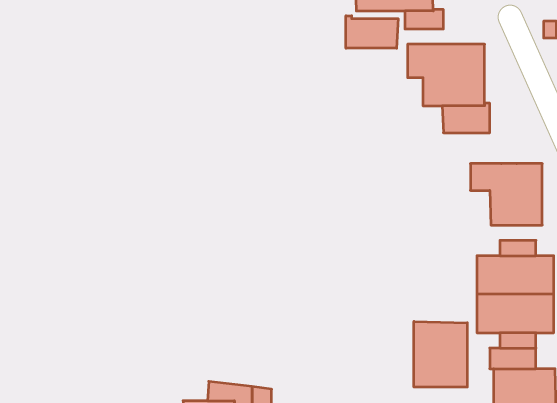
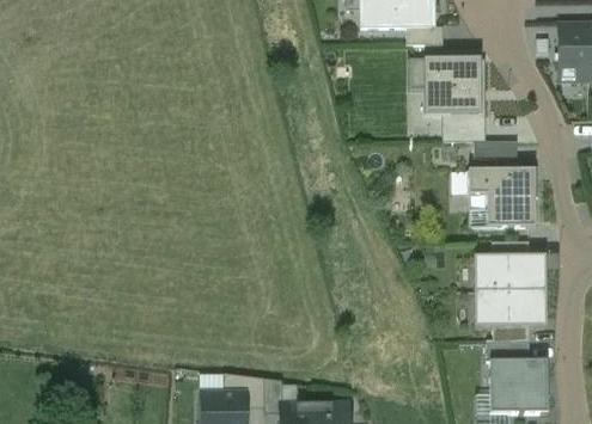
building: [346,16,398,48] -> none
building: none -> [474,141,511,170]
building: [414,321,467,387] -> none

